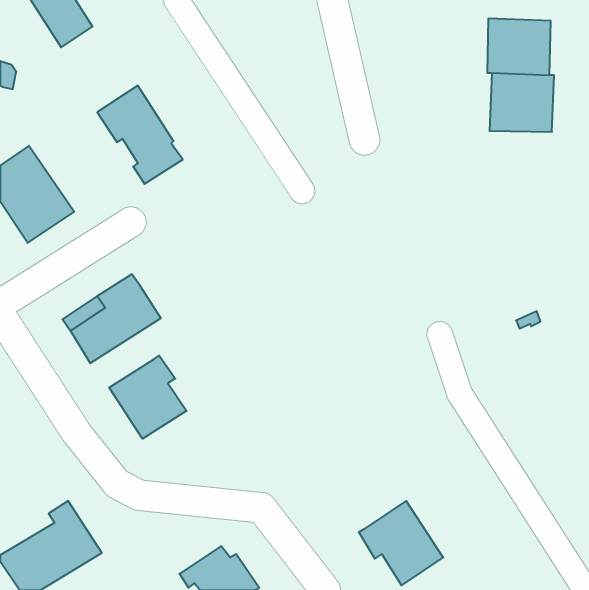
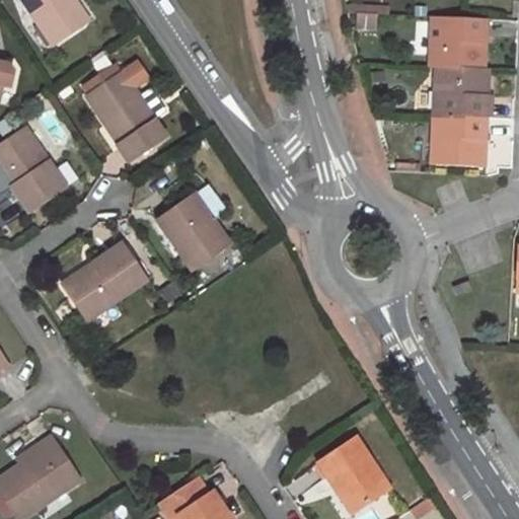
building: none -> [430,115,486,164]
building: none -> [157,191,229,269]
building: [109,356,187,439] -> none

